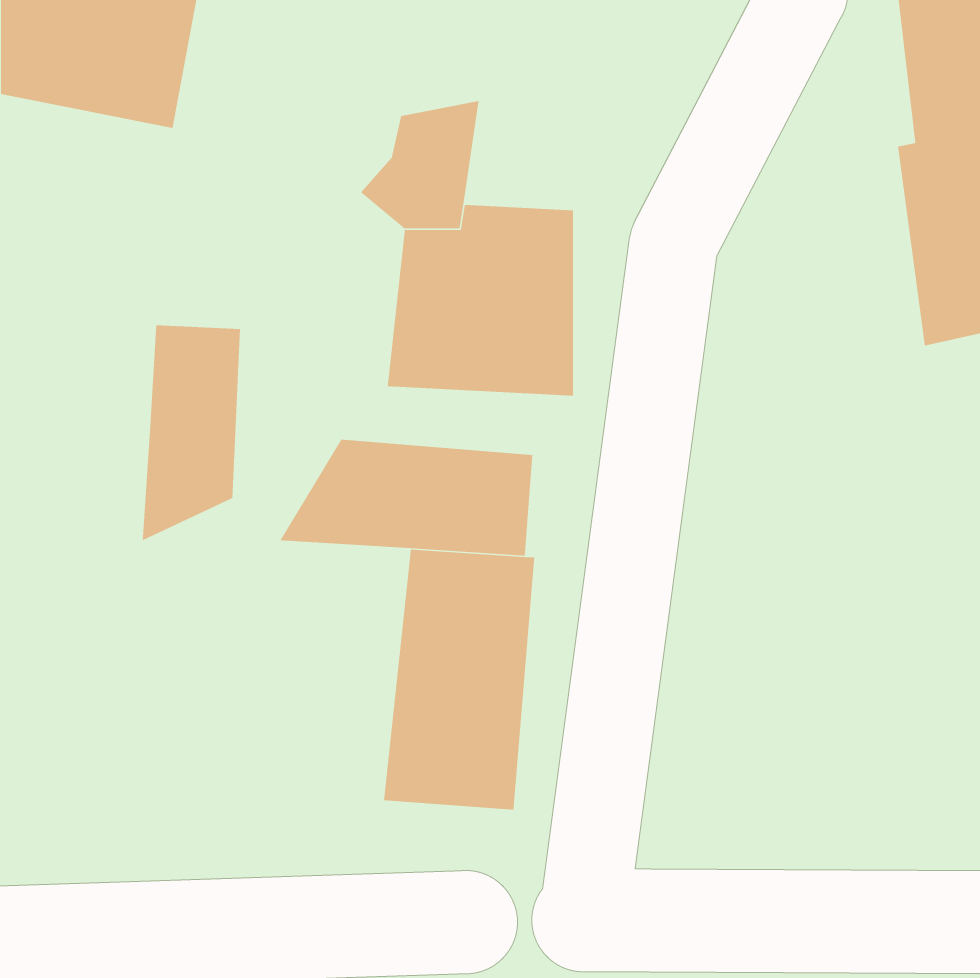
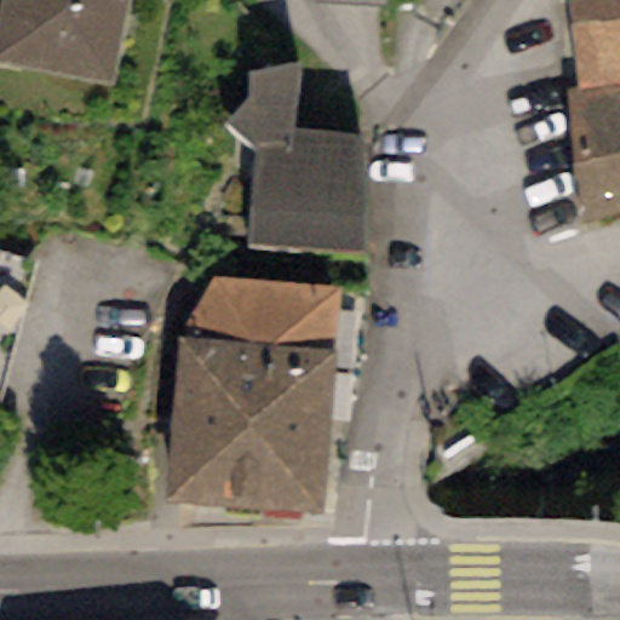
building: [142,324,241,541] -> none
building: none -> [165,340,260,504]

